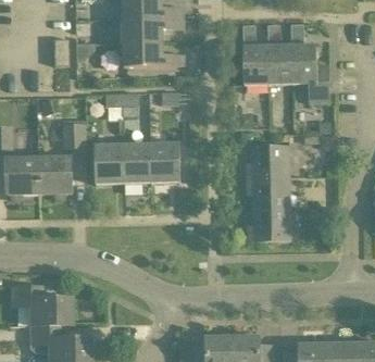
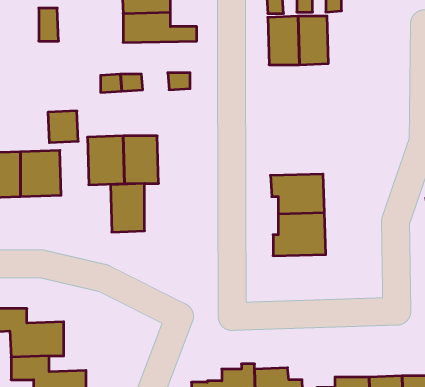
building: [292,45,330,103] -> none
building: [152,142,180,183] -> [110,183,145,232]
building: [246,145,289,176] -> none

